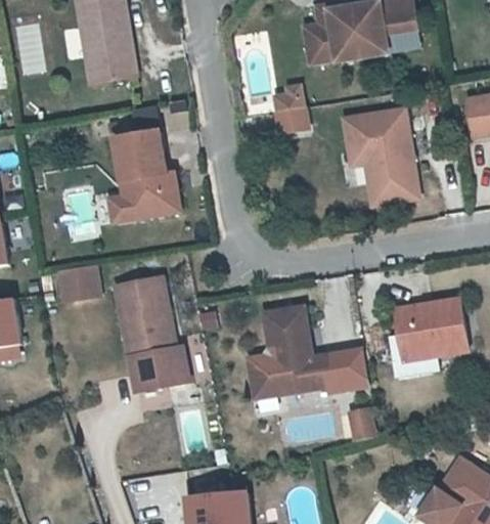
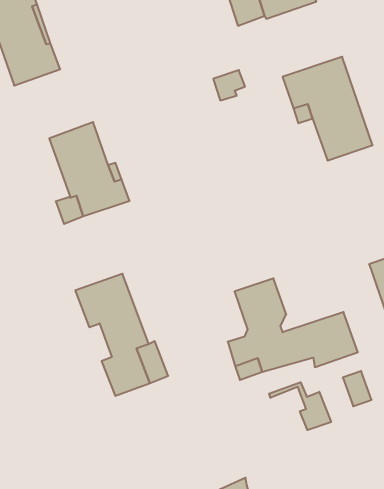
building: [58,266,99,303] -> none
building: none -> [269,382,331,430]

